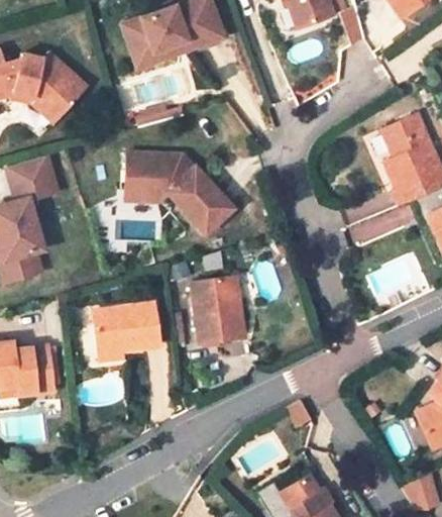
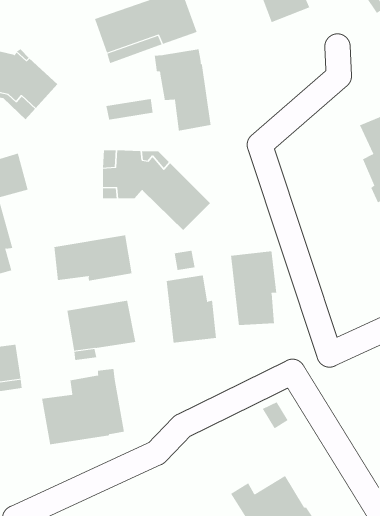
building: none -> [154,48,211,131]
building: none -> [54,235,132,281]
building: none -> [231,250,277,326]
building: none -> [41,368,124,445]

